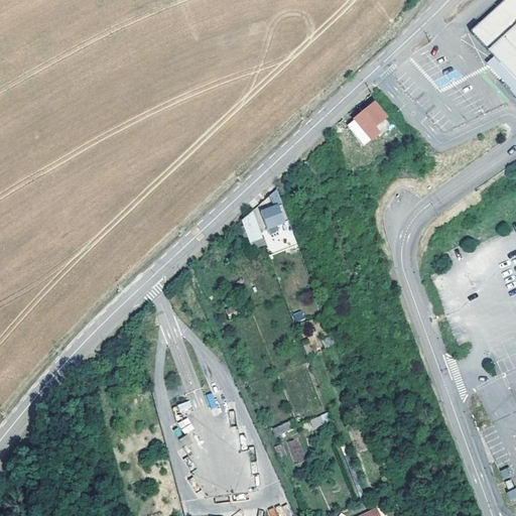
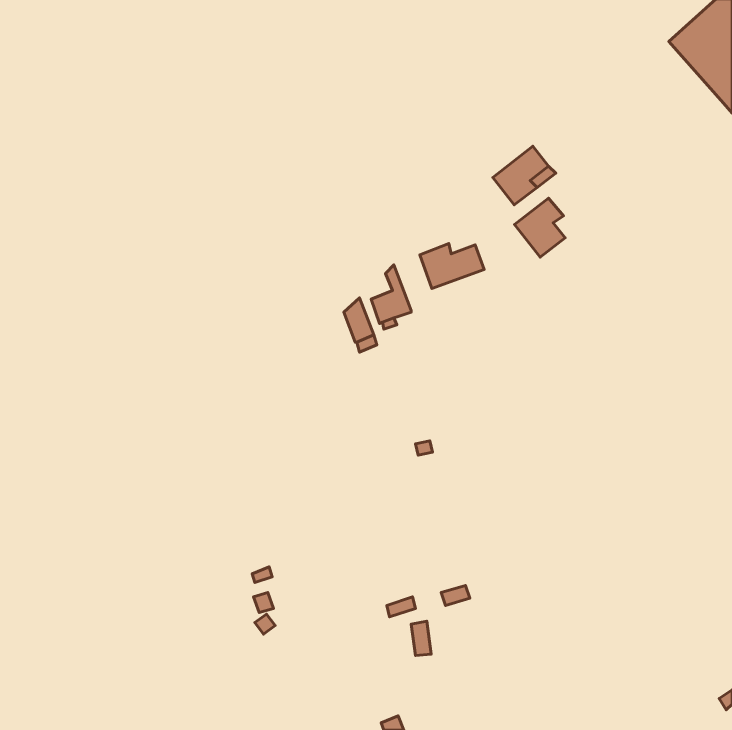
building: none -> [515,198,565,257]
building: none -> [420,244,484,289]

